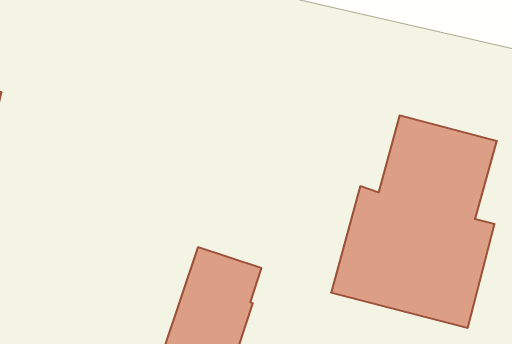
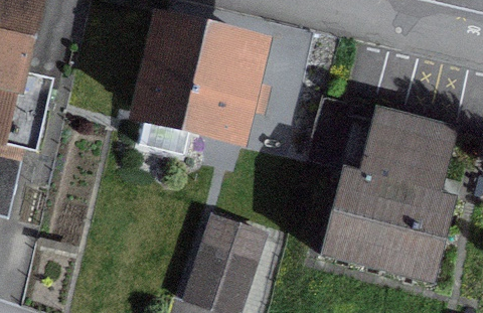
building: none -> [144,23,262,135]

